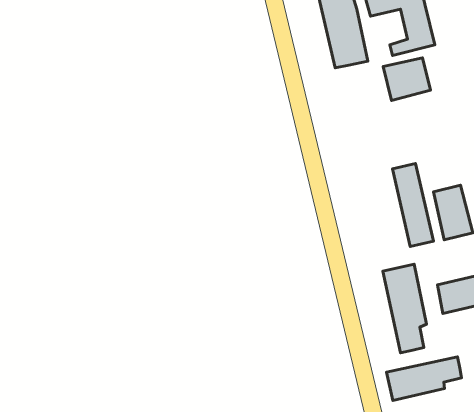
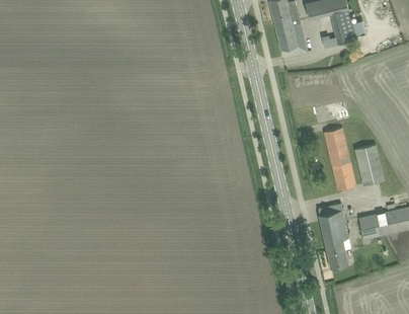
building: [383,58,431,101] -> none
building: [387,357,462,400] -> none

